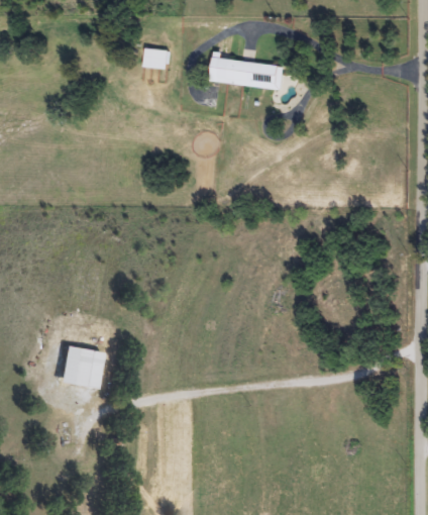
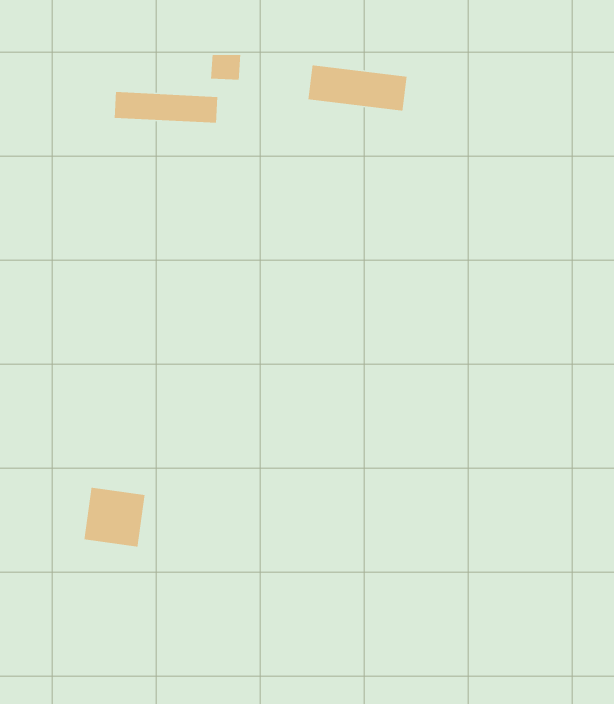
building: none -> [114,91,218,124]

